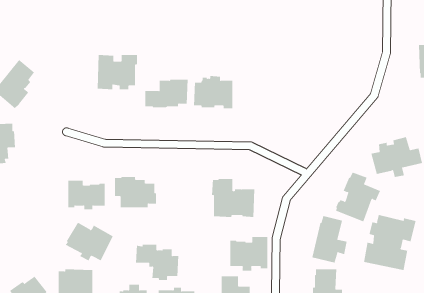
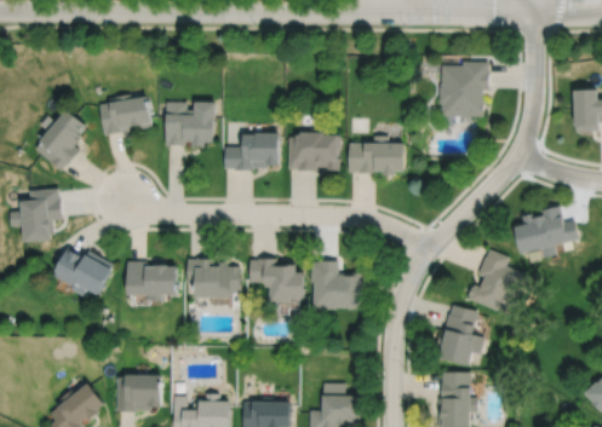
building: none -> [438,60,489,116]
building: none -> [99,94,153,135]
building: none -> [346,135,403,175]
building: [363,214,416,271] -> none
building: [65,222,114,261] -> [52,247,114,296]
building: [230,236,268,271] -> none
building: [135,244,179,280] -> [248,256,304,302]

